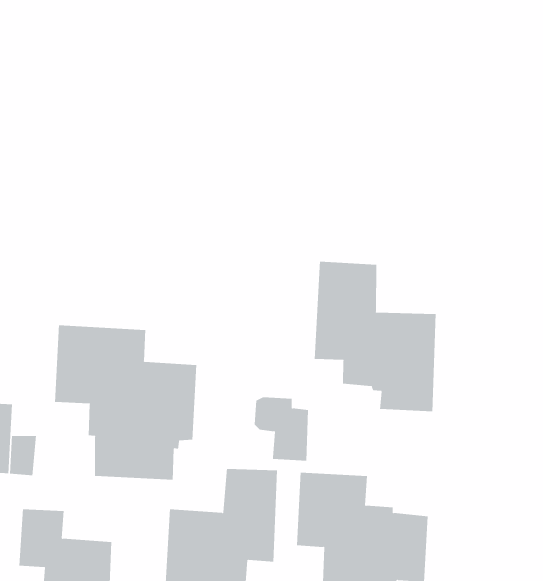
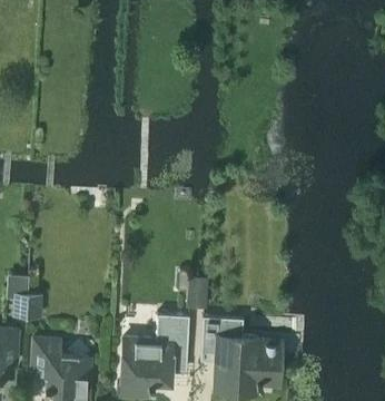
building: [314,261,436,412] -> none
building: [54,325,197,481] -> none

